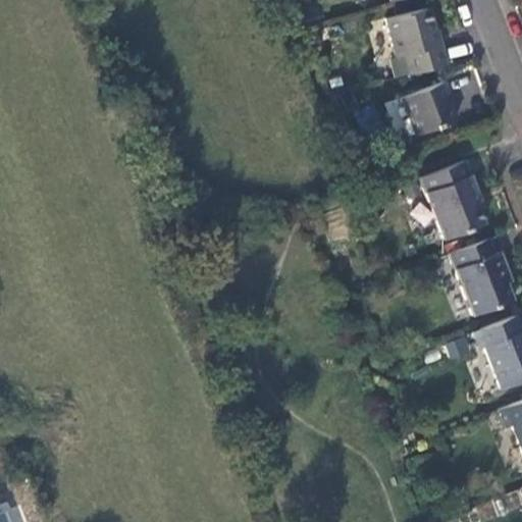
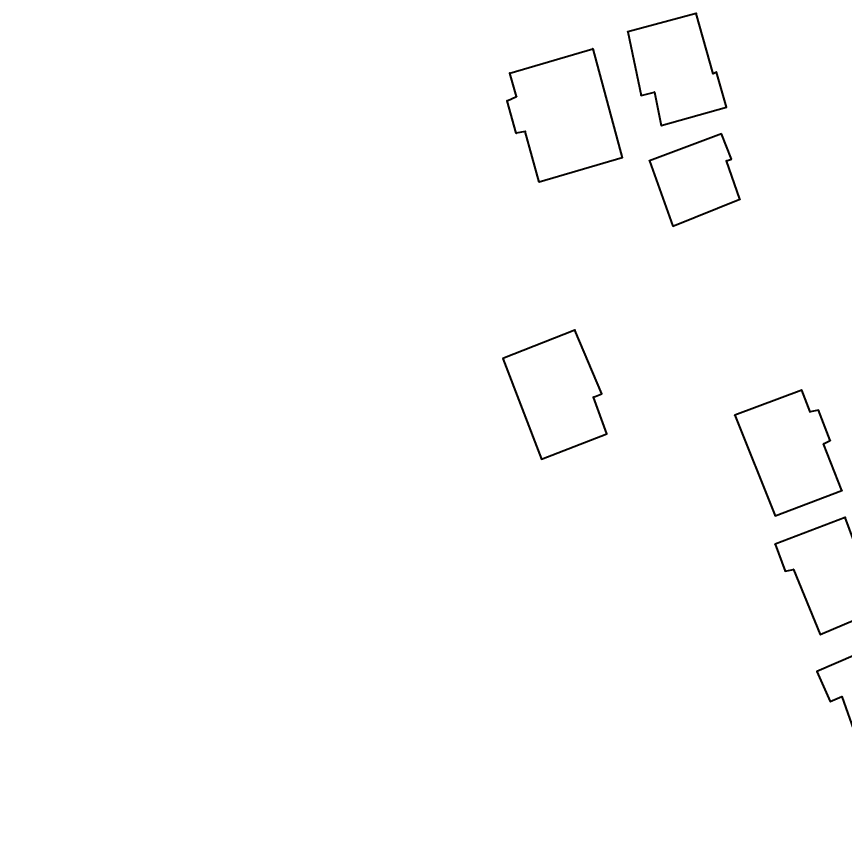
building: none -> [507,49,622,182]
building: [421,161,484,240] -> [503,330,607,459]

